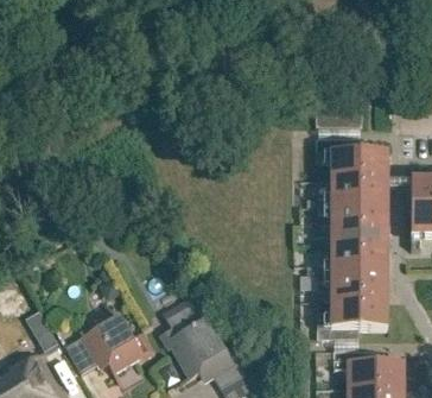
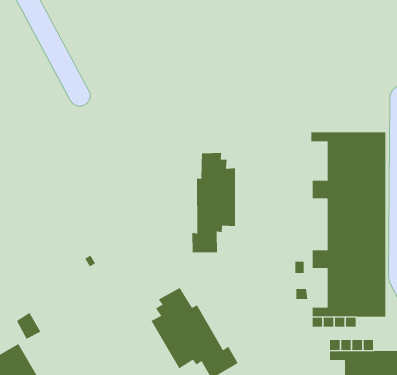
building: none -> [192,152,235,253]
building: [65,312,153,372] -> none

